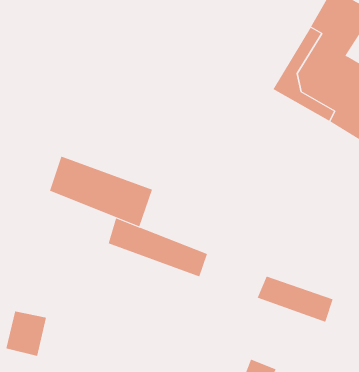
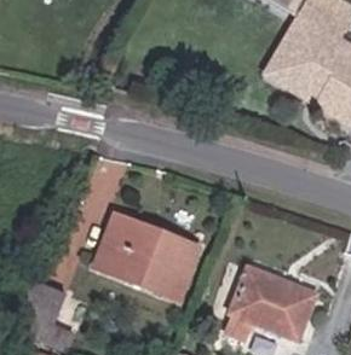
building: [49,156,153,227] -> [96,231,192,297]
building: none -> [236,281,310,332]

